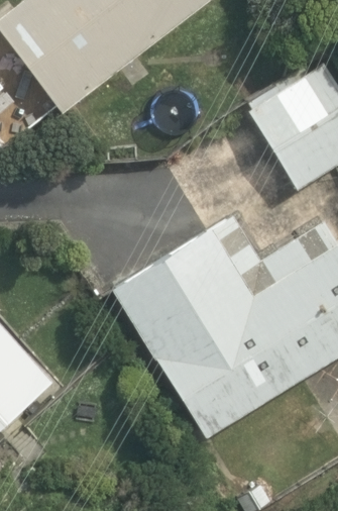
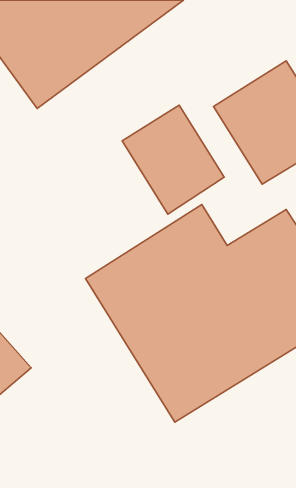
building: none -> [122,105,224,214]

